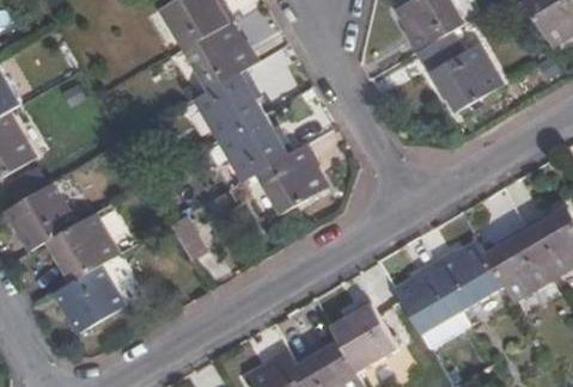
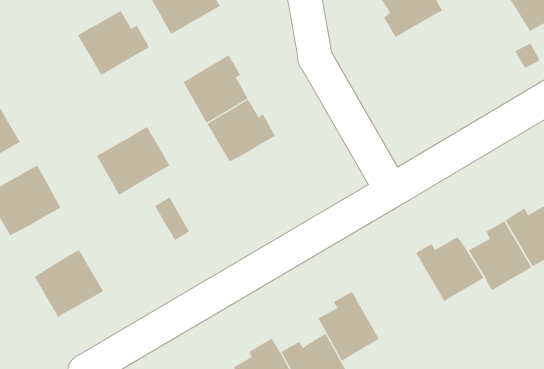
building: [188,23,261,88] -> [77,10,150,76]
building: [413,30,498,107] -> none
building: [258,141,324,209] -> none
building: [47,209,121,278] -> [96,126,170,195]
building: [396,266,462,339] -> none

